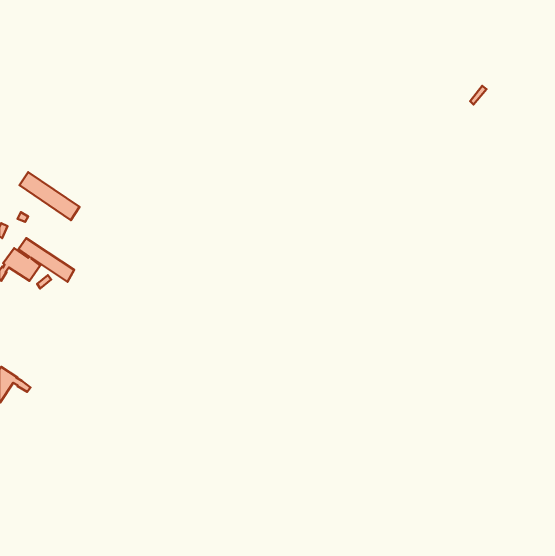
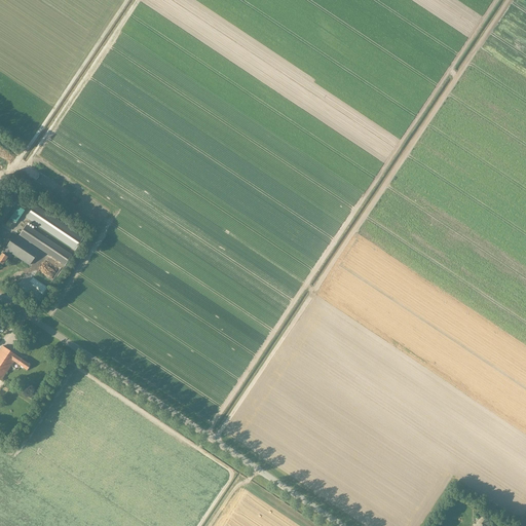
building: [20,172,79,220] -> [25,205,81,251]

